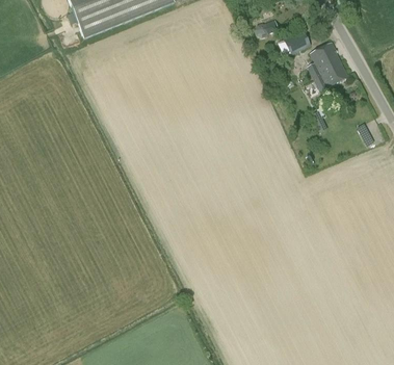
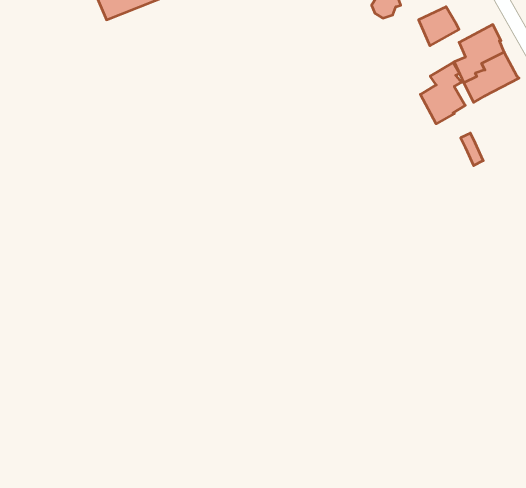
building: none -> [420,62,465,124]

